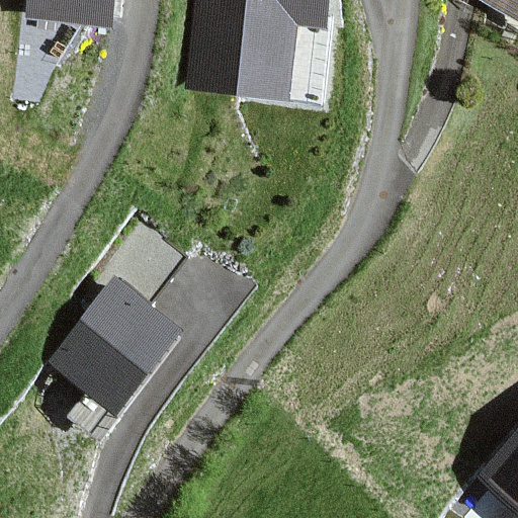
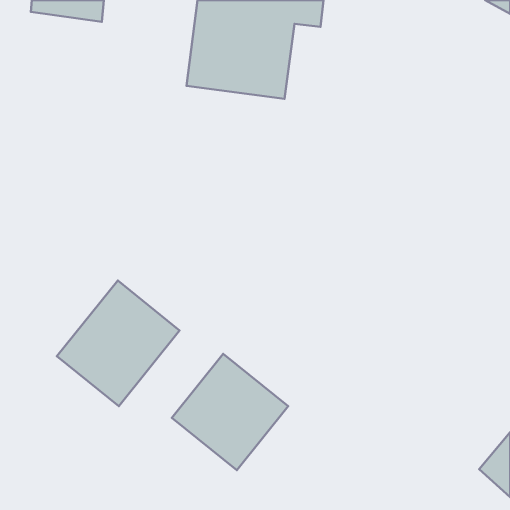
building: none -> [172,354,288,470]

